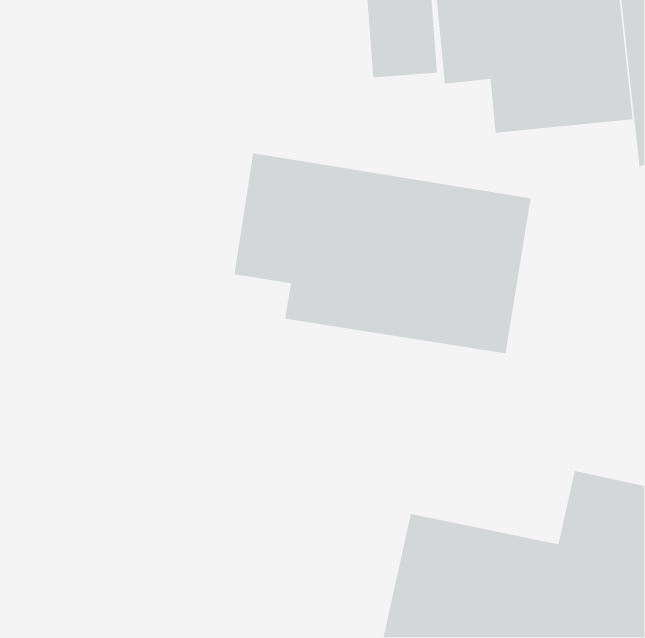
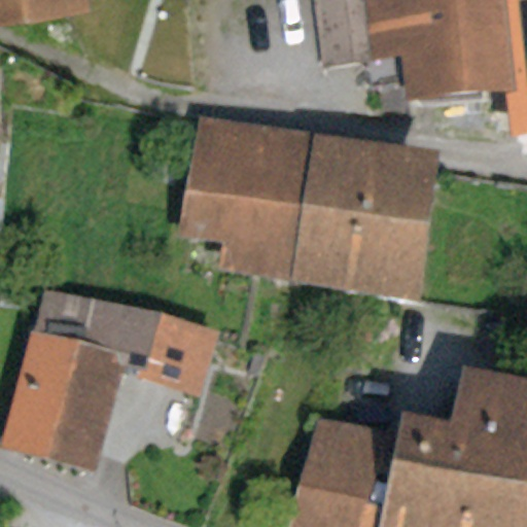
building: none -> [13,294,207,462]

